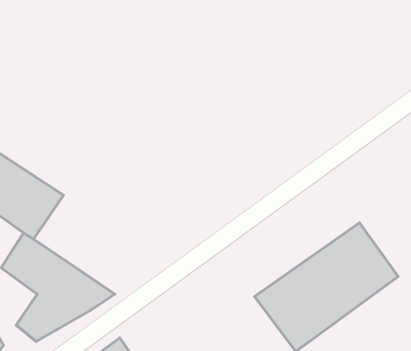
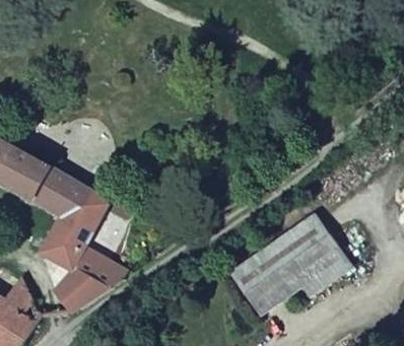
building: none -> [58,190,127,253]

